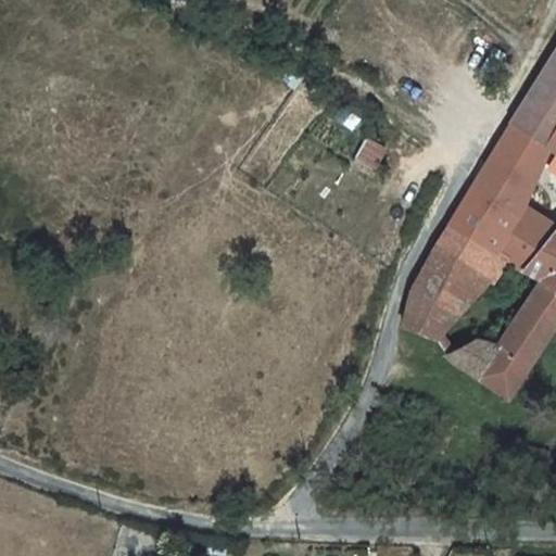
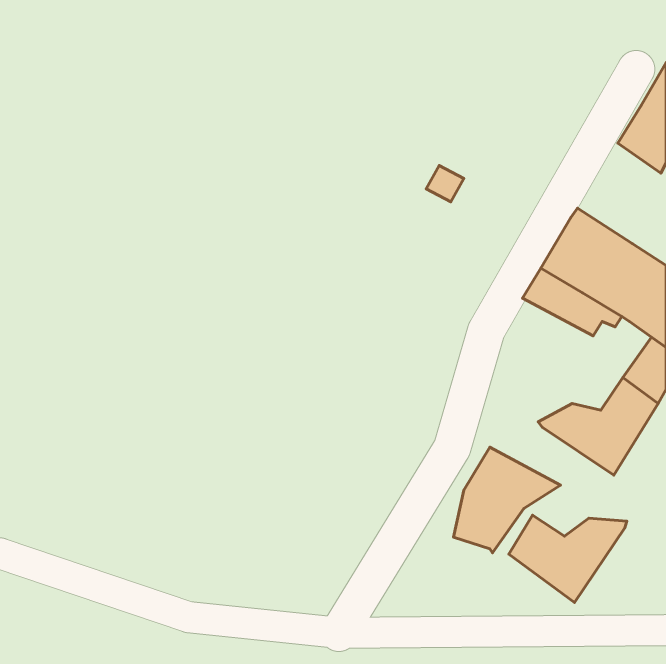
building: [481,119,551,203] -> none
building: [405,249,494,337] -> [453,447,560,553]
building: none -> [509,515,627,602]

